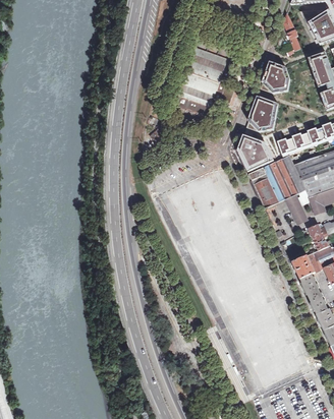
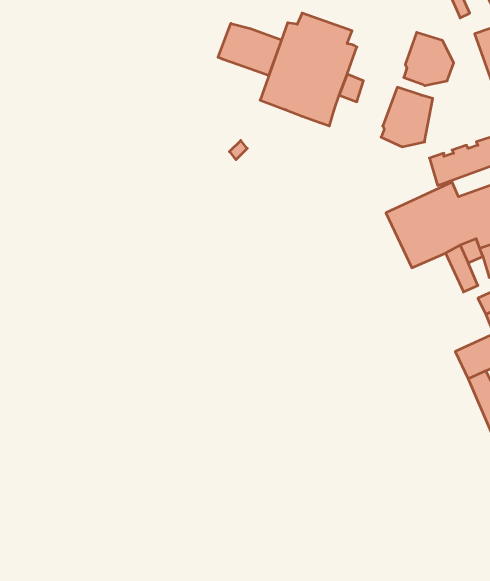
building: none -> [218,23,282,75]
building: [236,132,274,172] -> none

